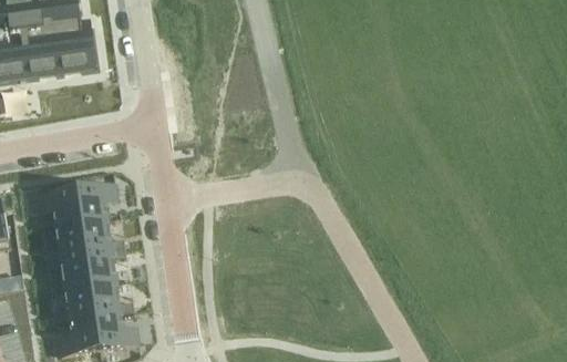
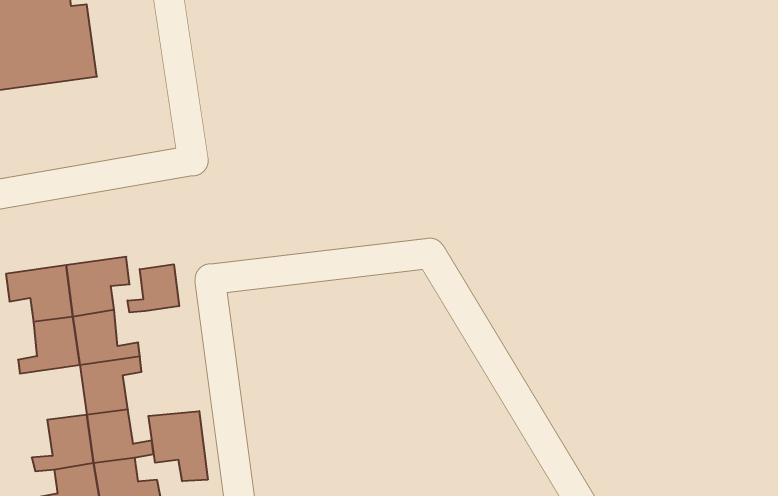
building: none -> [128,264,179,312]
building: [47,252,90,288] -> none
building: none -> [148,411,208,481]

